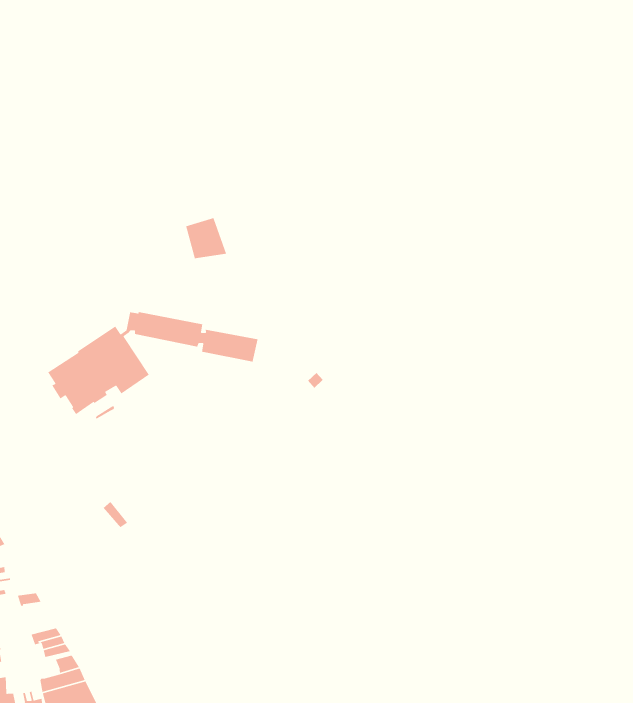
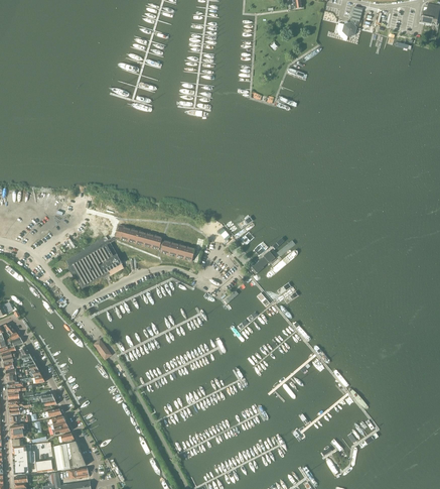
building: [185,217,227,259] -> none

